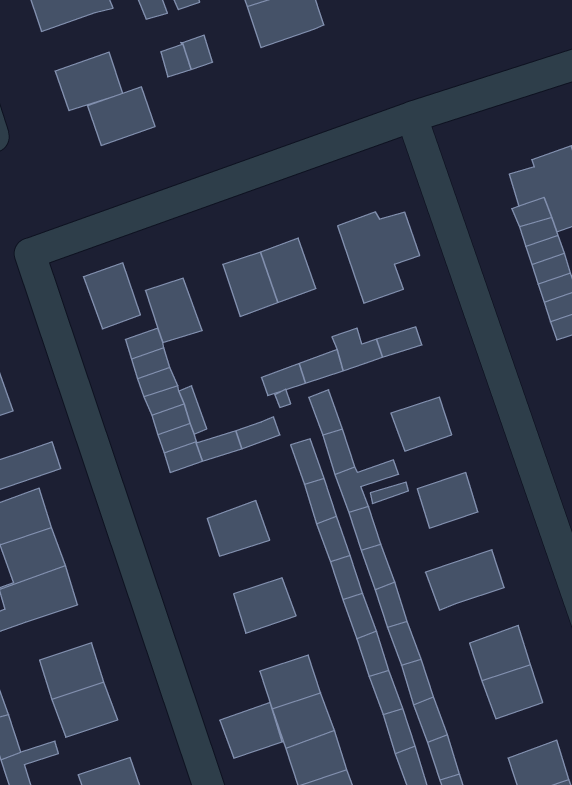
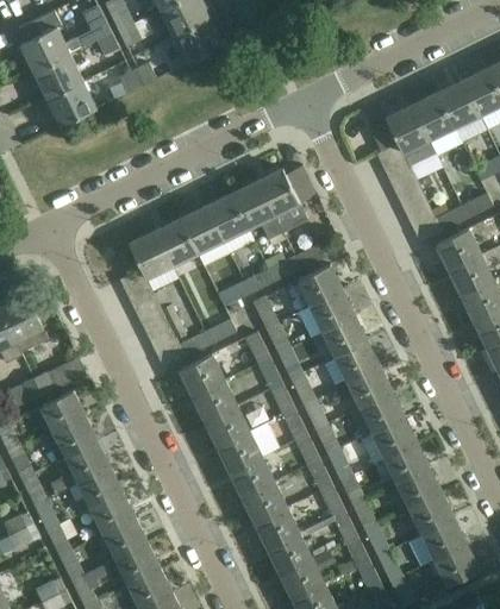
building: [87,87,155,145] -> [35,56,83,100]
building: none -> [231,182,282,239]
building: [83,263,140,329] -> [155,219,198,266]
building: none -> [299,265,343,307]
building: none -> [324,316,368,357]
building: none -> [180,347,239,396]
building: none -> [348,368,393,414]
building: none -> [205,406,250,446]
building: none -> [373,417,418,459]
building: none -> [75,467,124,514]
building: none -> [411,494,455,535]
building: [220,703,282,758] -> [230,456,275,497]
building: none -> [114,544,161,585]

